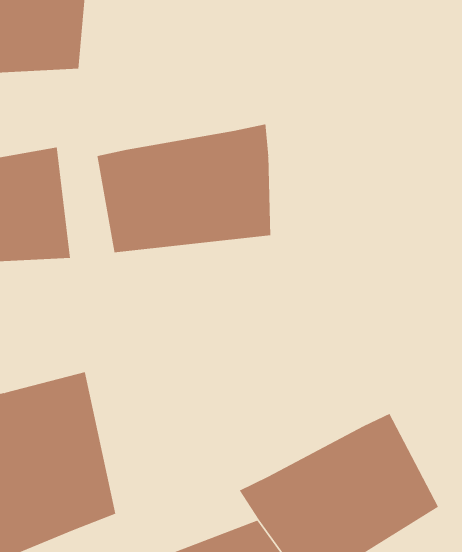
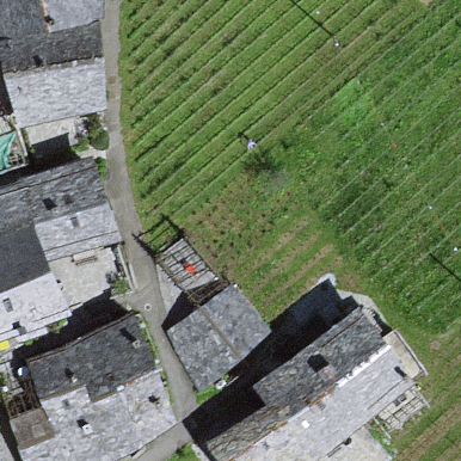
building: [97,124,271,253] -> none
building: none -> [172,290,265,385]

